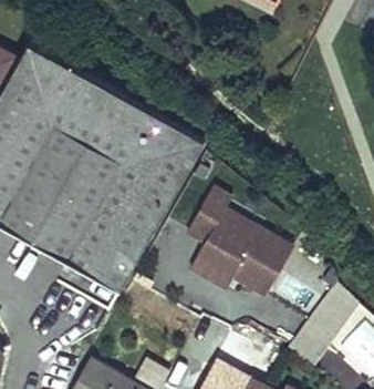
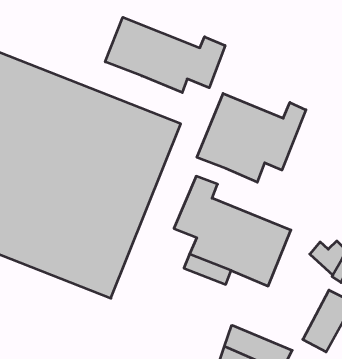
building: none -> [105,17,225,93]
building: none -> [197,93,306,182]

